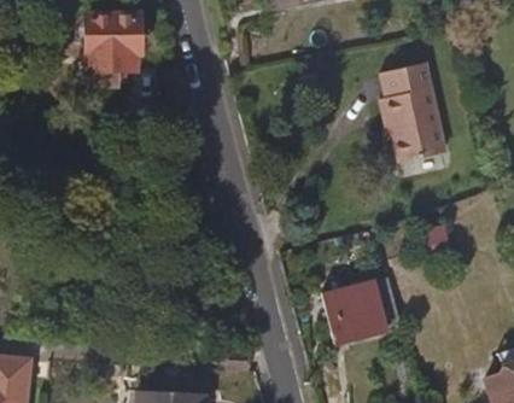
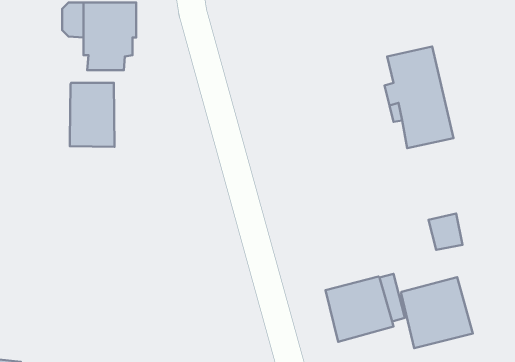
building: none -> [70,83,114,147]
building: none -> [401,277,473,348]

